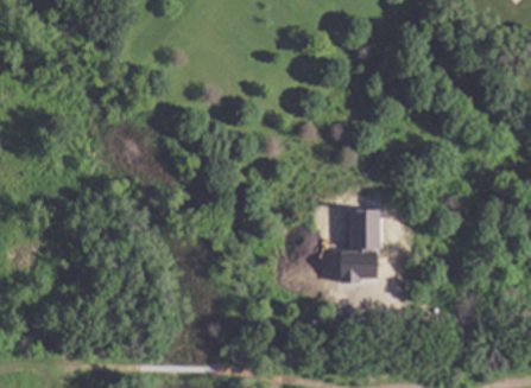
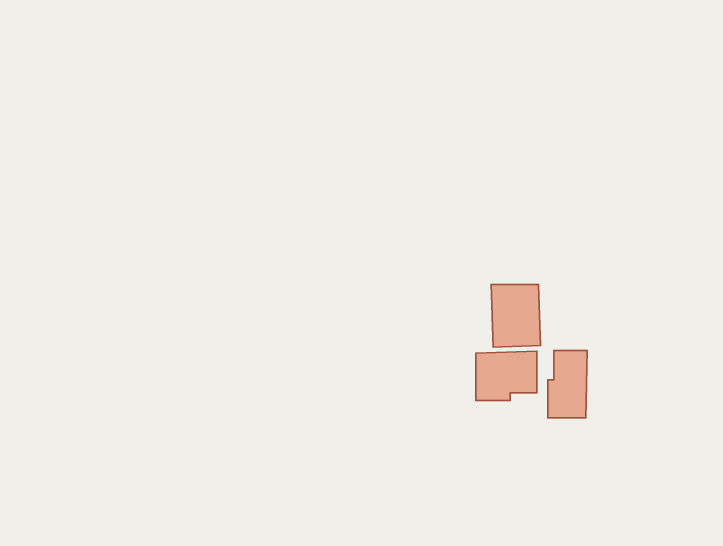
building: none -> [548,350,587,418]

